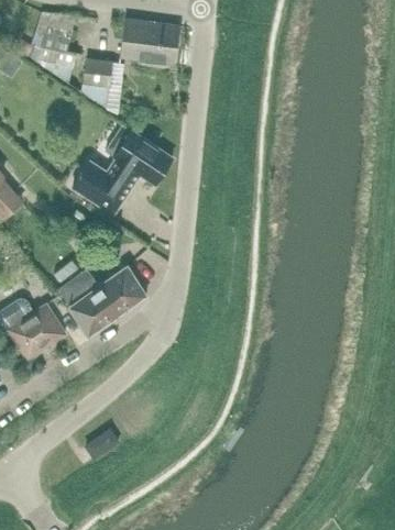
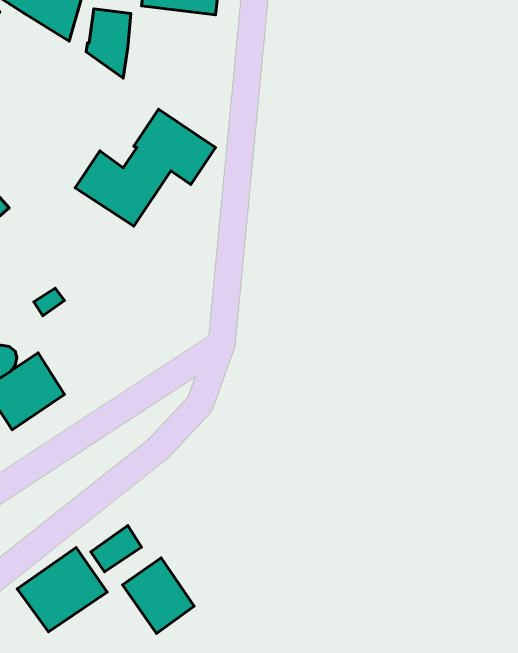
building: [58,266,146,338] -> none
building: none -> [17,548,107,632]
building: none -> [122,558,194,633]

